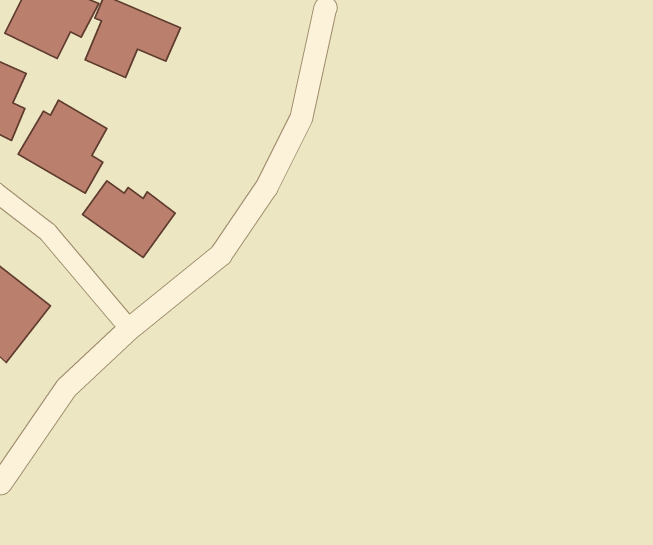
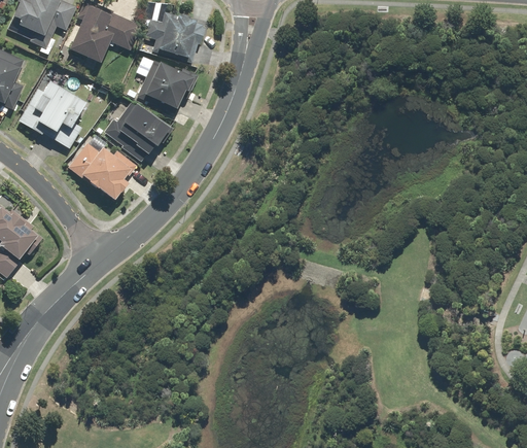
building: none -> [143,8,207,62]
building: none -> [137,58,198,114]
building: none -> [104,99,171,163]

